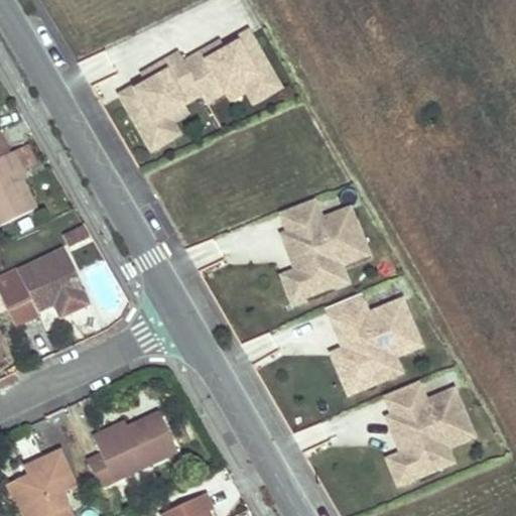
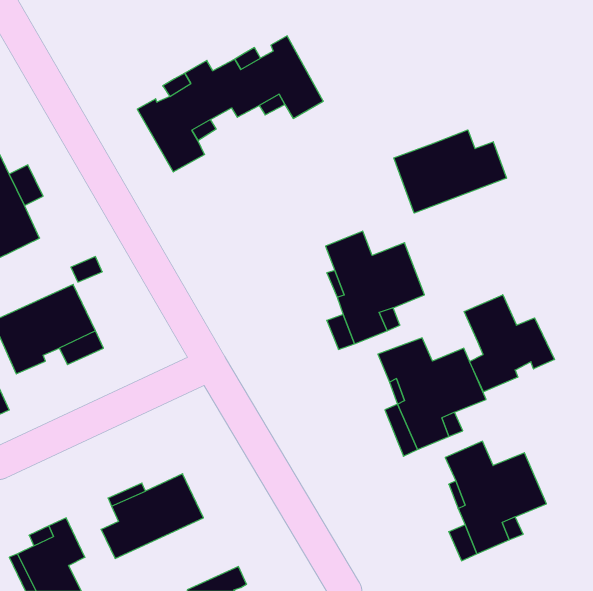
building: none -> [394,130,506,213]
building: none -> [464,295,554,392]

